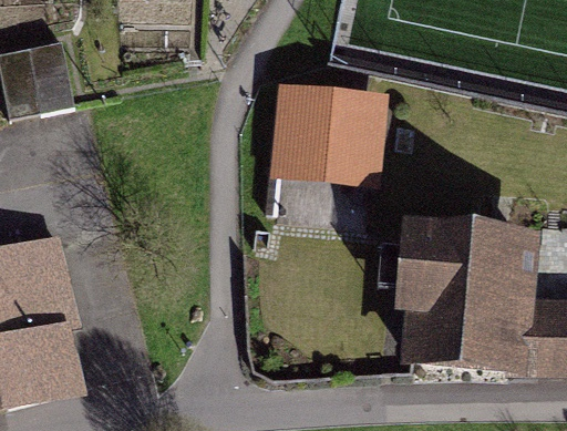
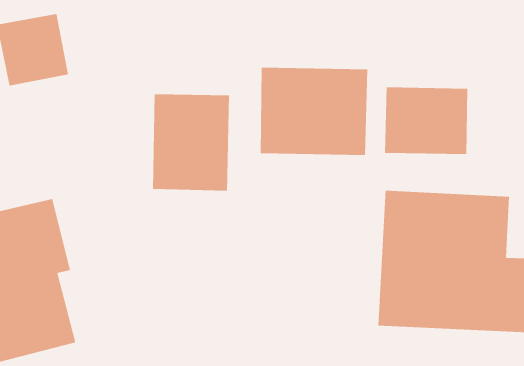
building: none -> [384,86,468,155]
building: none -> [152,94,229,191]

